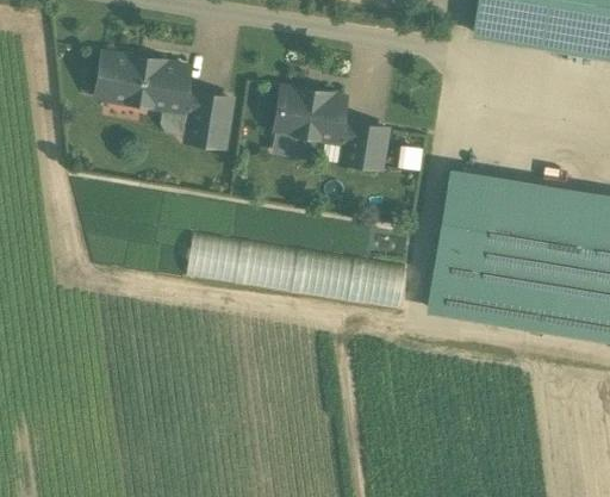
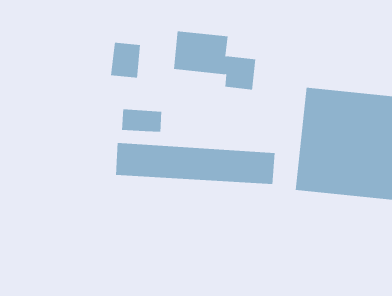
building: [94,52,193,111] -> none
building: none -> [121,109,162,132]

